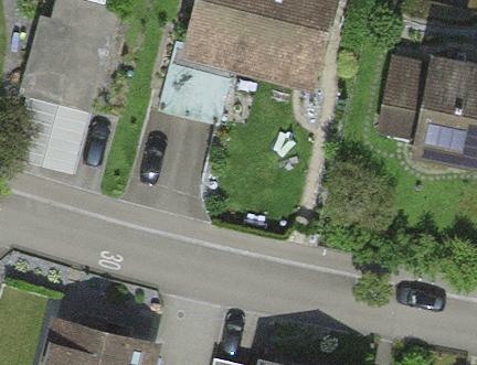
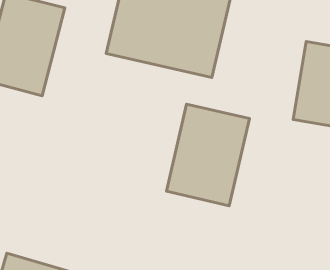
building: none -> [167,104,250,206]

